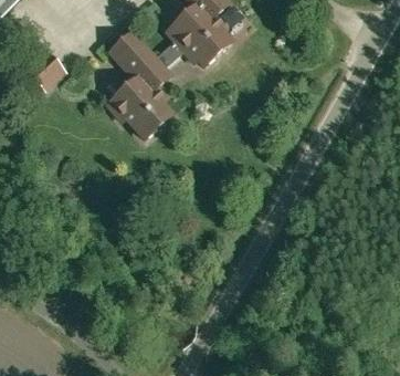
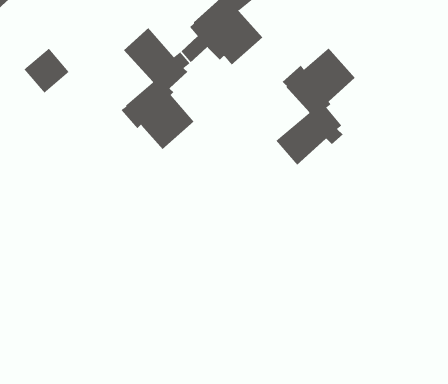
building: none -> [276,47,356,165]

